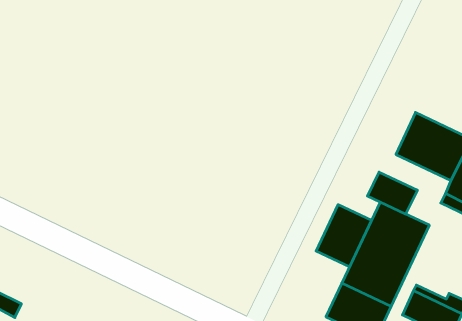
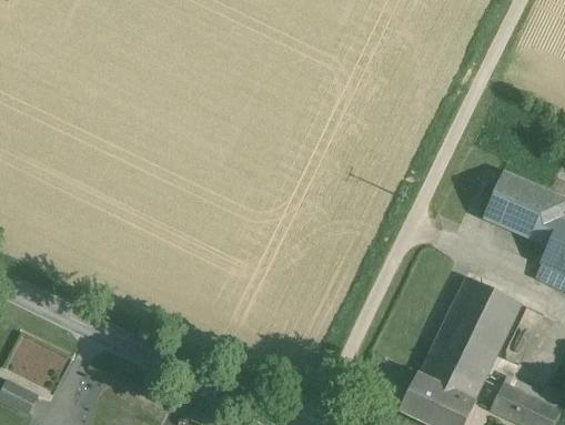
building: [367,172,417,214] -> none
building: [316,205,371,267] -> none

